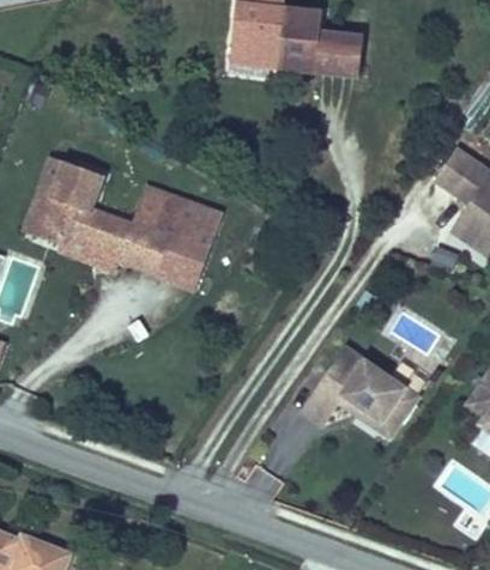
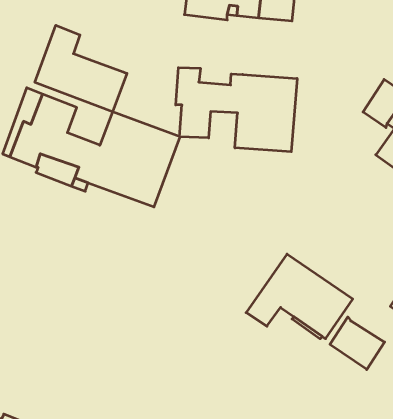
building: none -> [35,25,127,112]
building: none -> [176,68,297,152]
building: none -> [330,317,385,370]

